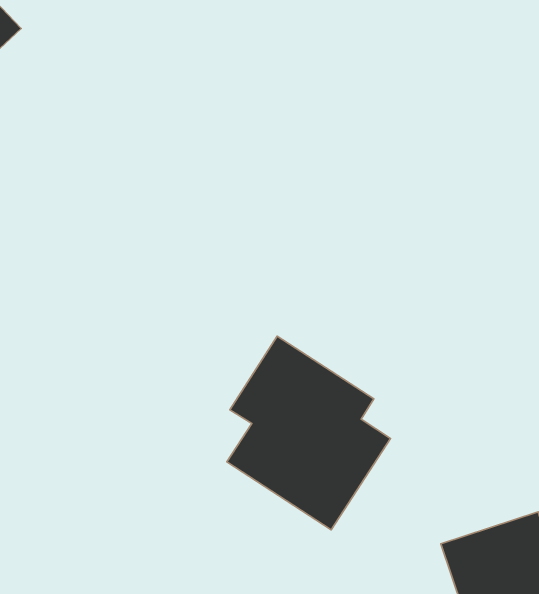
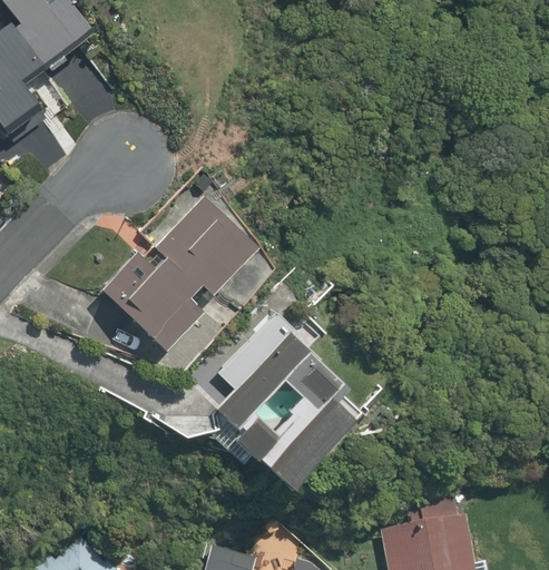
building: none -> [109,190,264,347]

